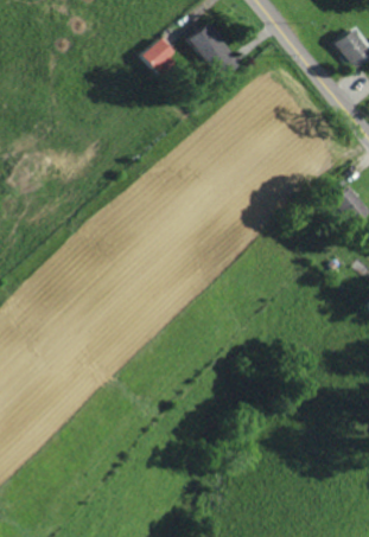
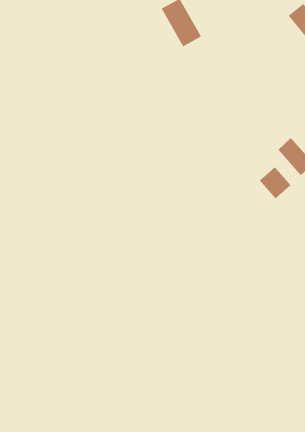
building: [145,39,178,71] -> none
building: none -> [259,166,291,199]

